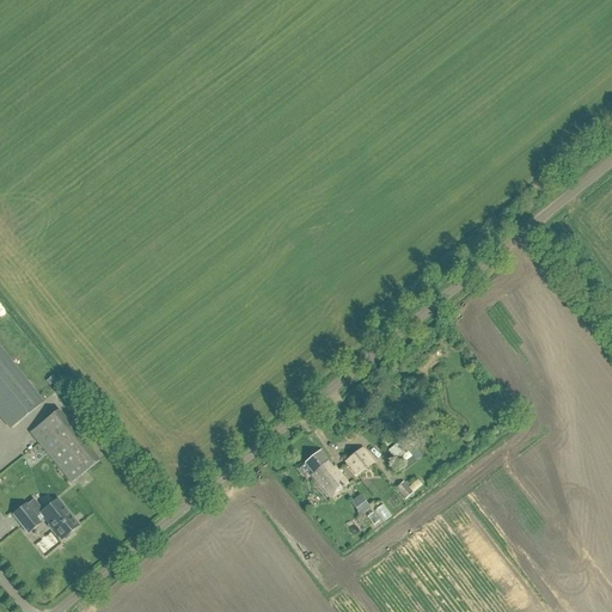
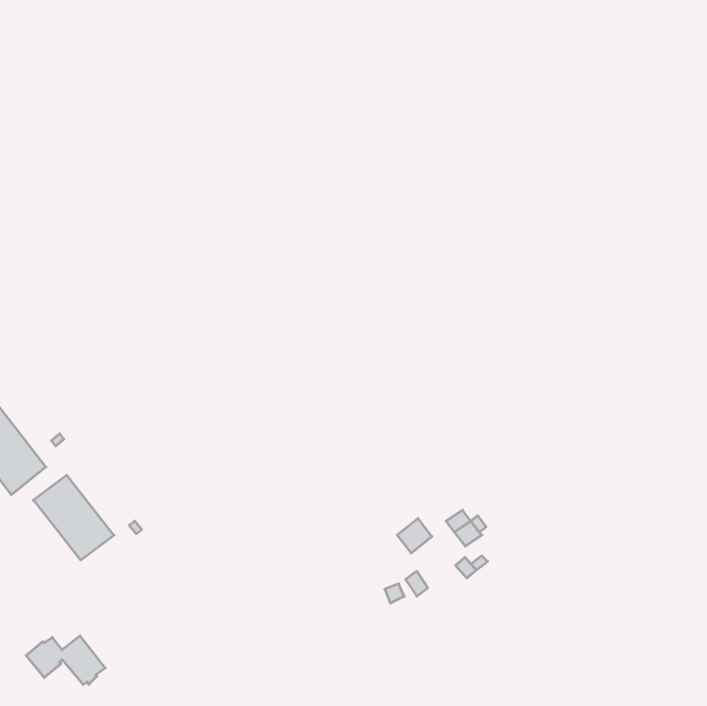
building: [304,447,347,496] -> none
building: [10,496,78,538] -> [26,636,105,685]

